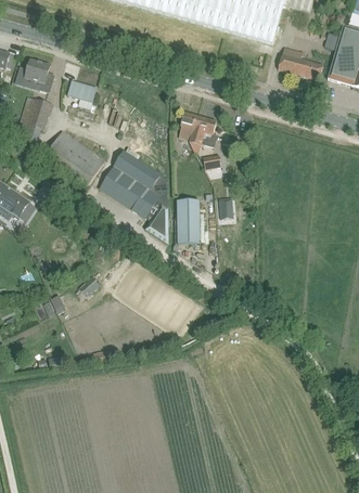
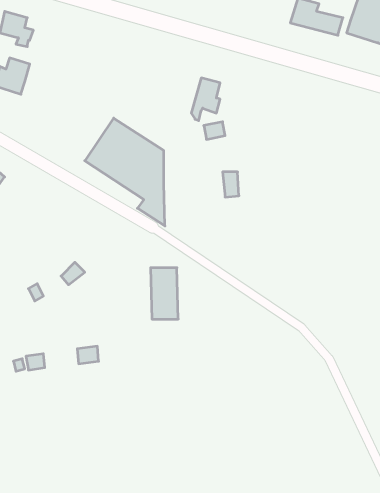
building: [66,79,97,102] -> none
building: [178,112,200,146] -> none
building: [43,130,104,185] -> none
building: [176,199,200,244] -> [151,268,178,319]

